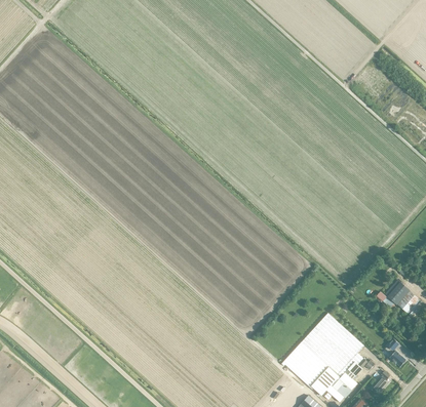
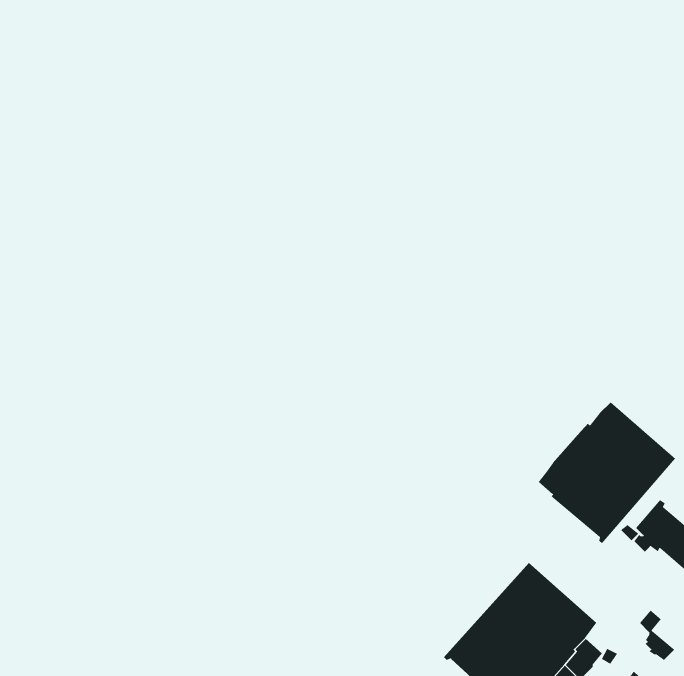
building: none -> [538,401,676,544]

